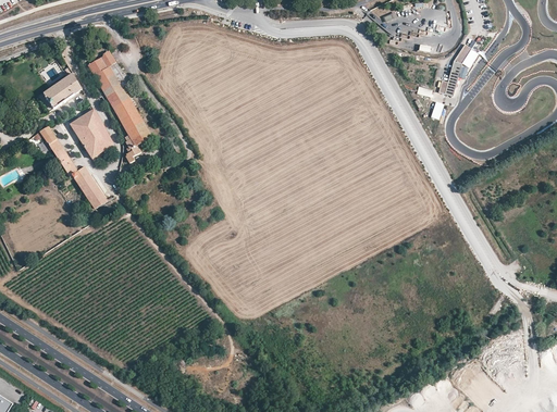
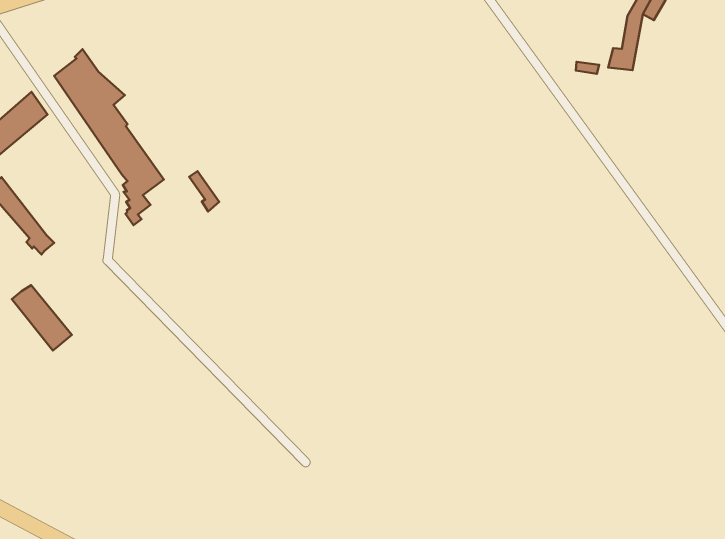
building: [69,107,113,158] -> none
building: [71,165,107,208] -> [12,285,72,350]

